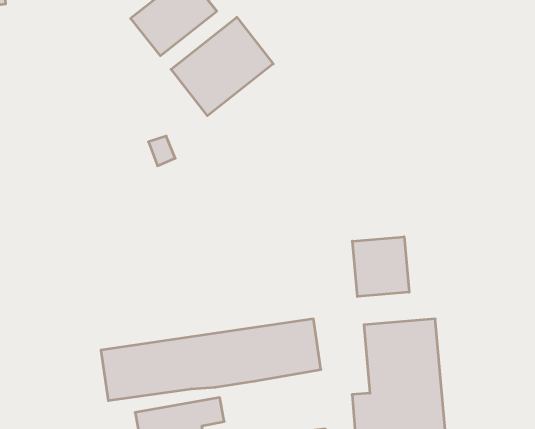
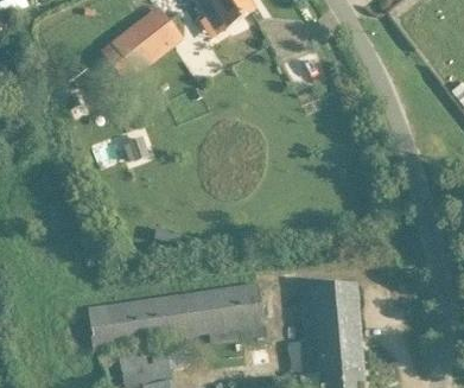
building: [171,17,273,116] -> none
building: [352,237,409,297] -> none

